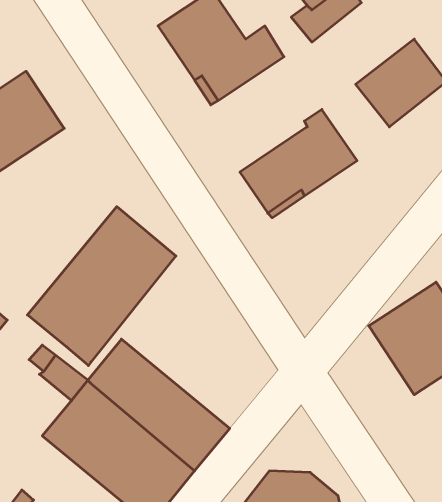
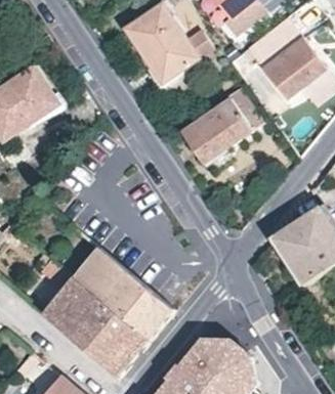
building: [27,207,176,366] -> none

